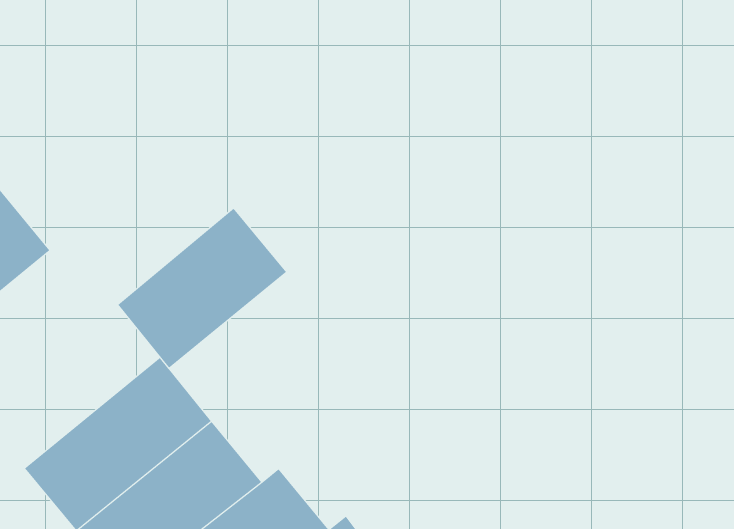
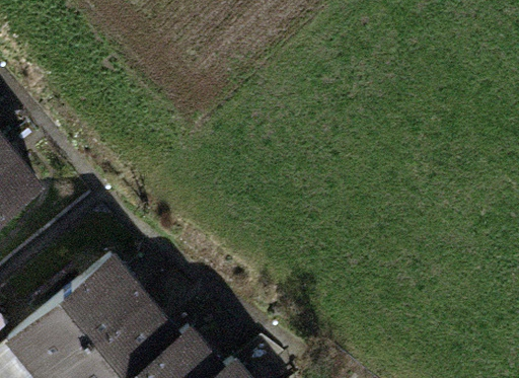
building: [117,208,287,369] -> none

